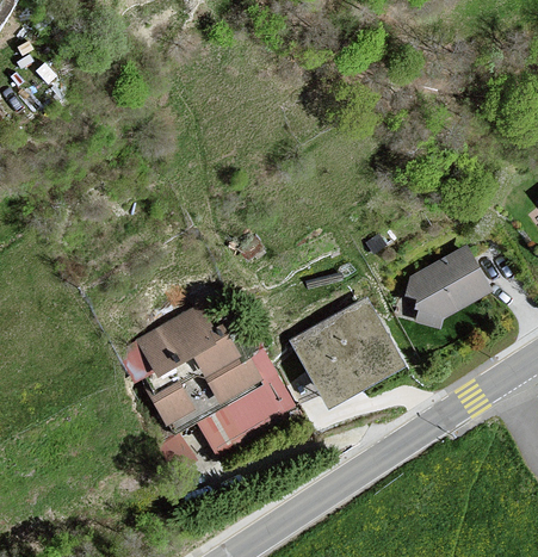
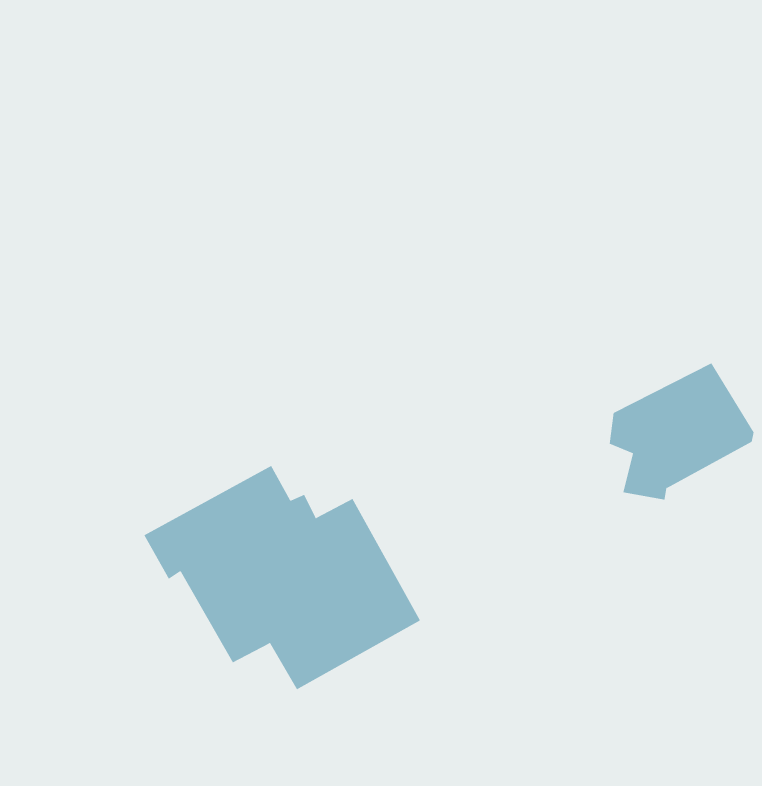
building: [293,299,402,404] -> none

